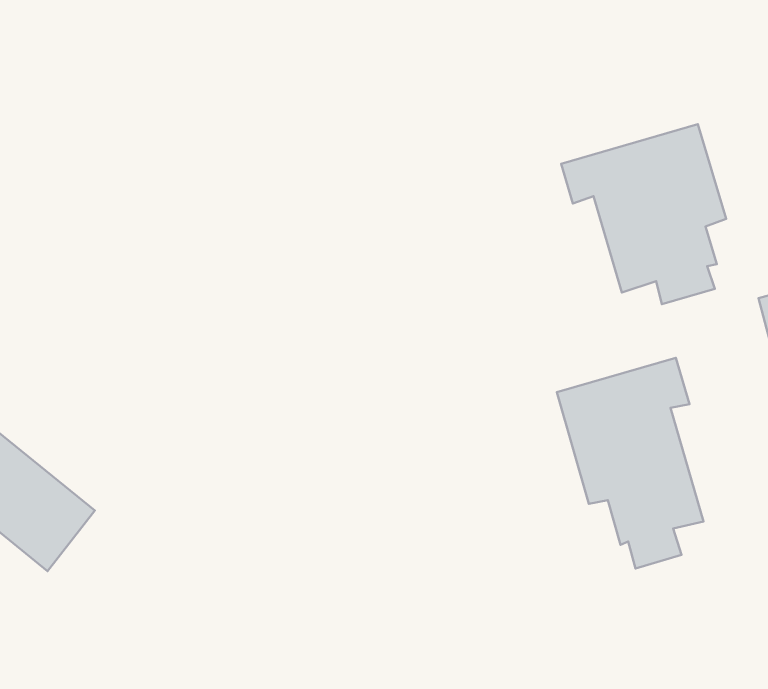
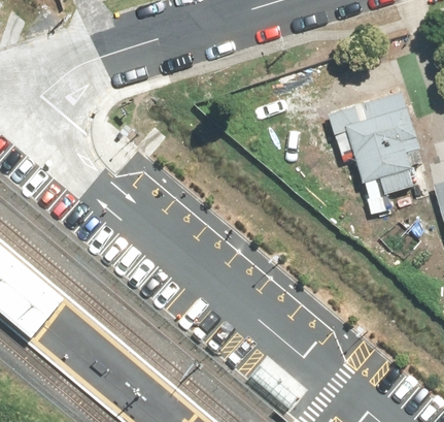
building: [557,358,704,569] -> none

